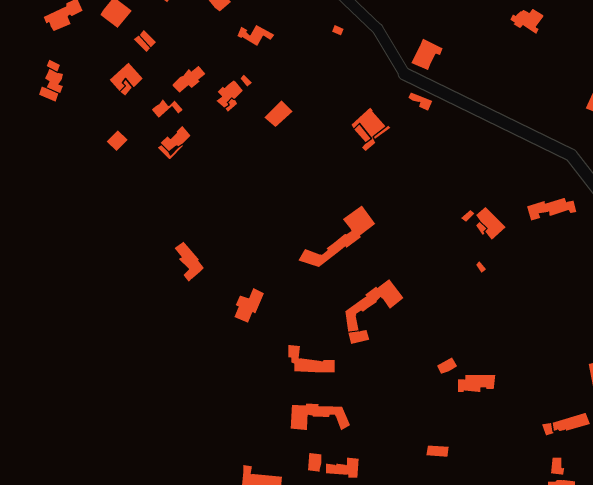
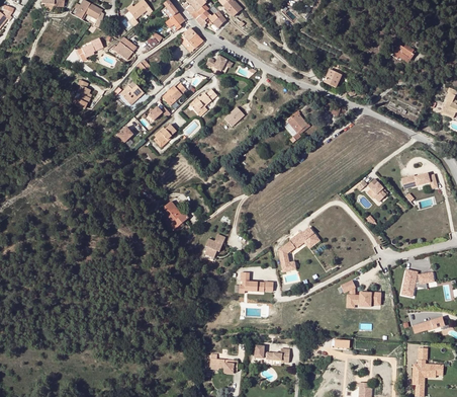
building: [298,204,376,268] -> none
building: none -> [401,269,434,296]
building: [290,403,351,431] -> none

